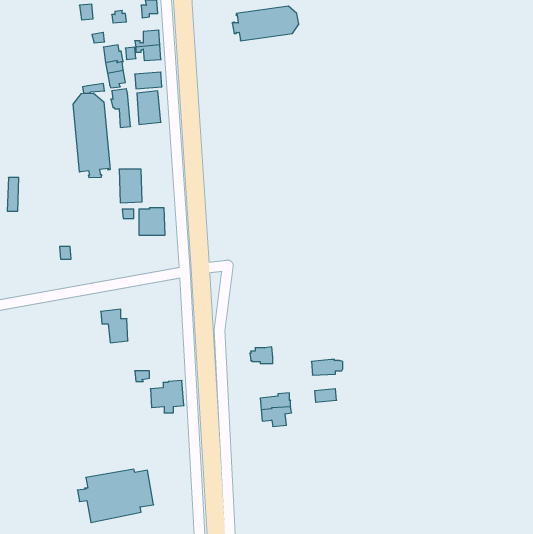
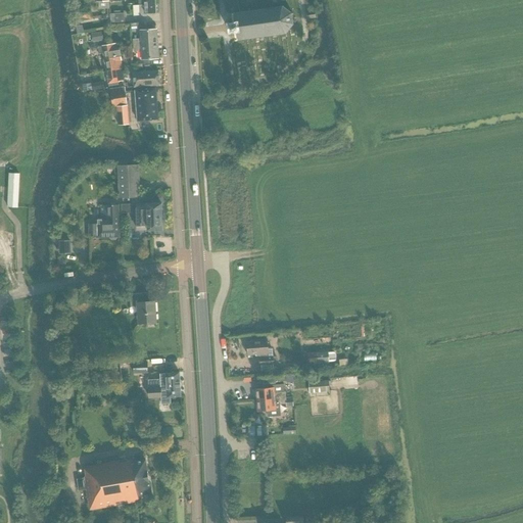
building: [73,93,110,178] -> none
building: none -> [88,204,118,240]
building: [101,309,128,343] -> [129,292,155,325]

